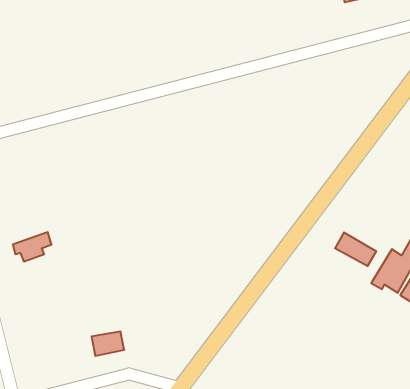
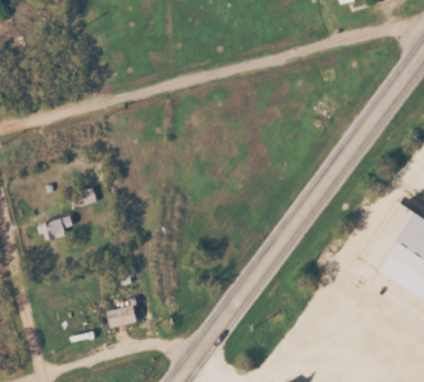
building: [335,232,376,266] -> none

